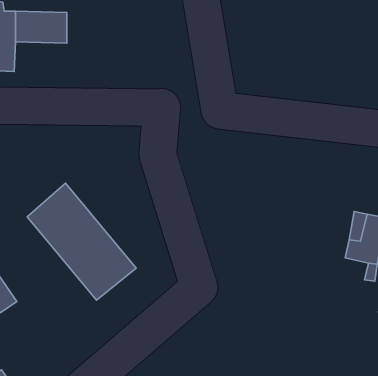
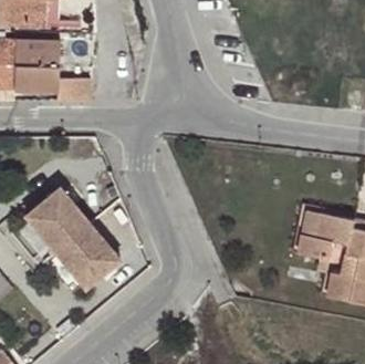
building: none -> [14,65,91,102]

